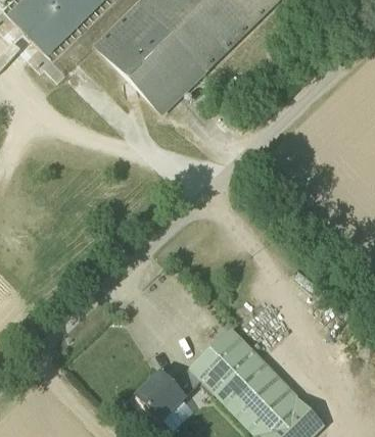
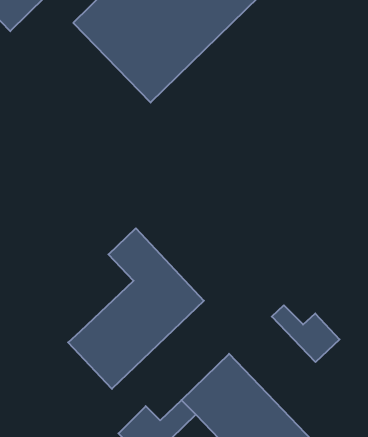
building: none -> [68,228,204,389]
building: none -> [272,305,340,362]

